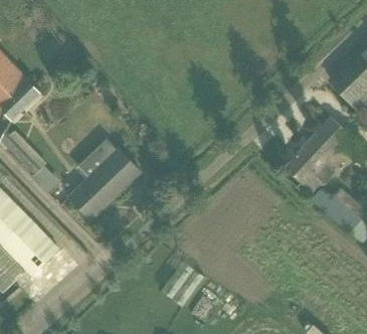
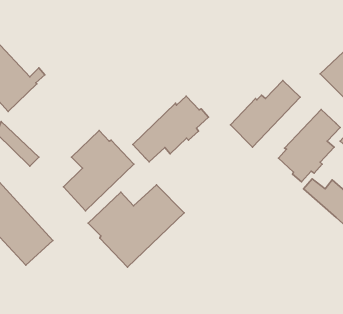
building: none -> [231,80,300,147]
building: none -> [133,96,209,162]
building: none -> [88,185,184,267]

